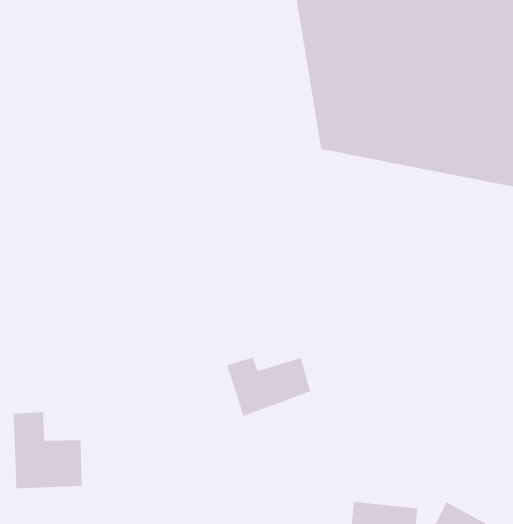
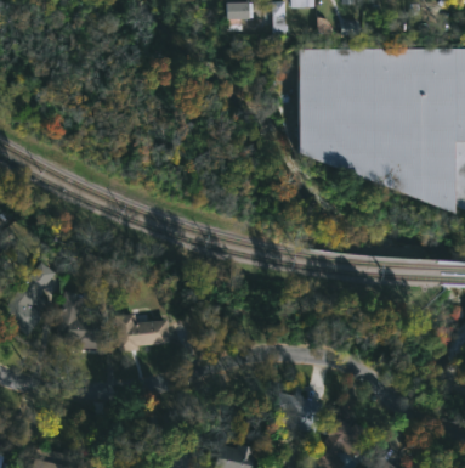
building: [226,356,311,417] -> [115,315,169,354]

